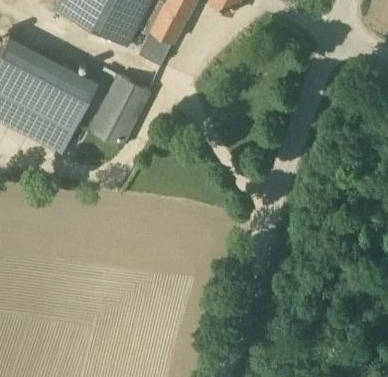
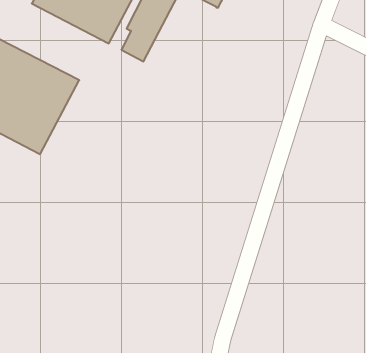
building: [90,76,151,148] -> none

